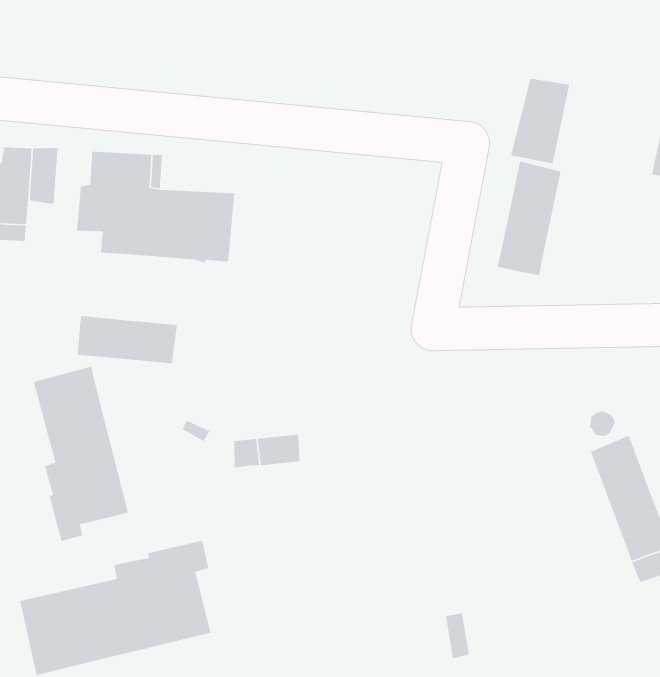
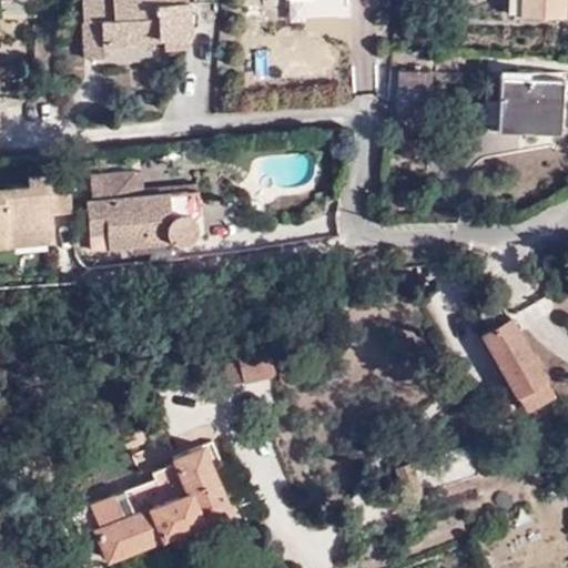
building: [497,160,562,276] -> none
building: [77,315,178,364] -> none
building: [33,365,129,542] -> none

